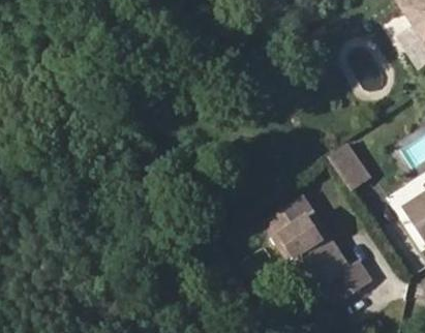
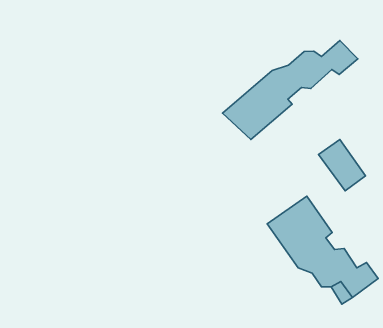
building: none -> [223,41,358,140]

